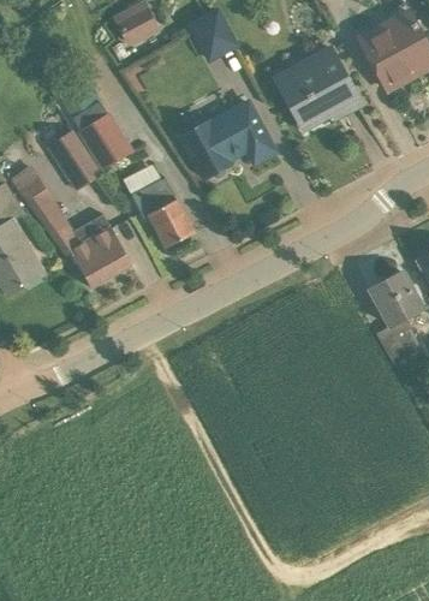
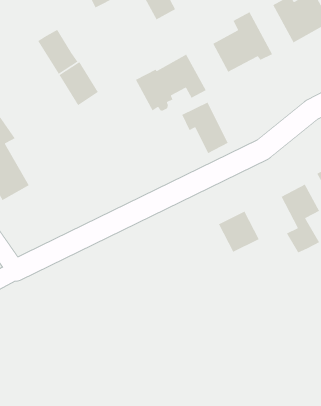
building: [48,131,97,189] -> none
building: [19,177,131,287] -> none
building: [131,178,193,246] -> [181,102,229,154]
building: none -> [218,210,260,253]

